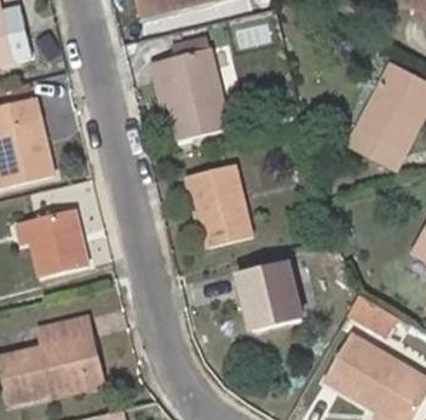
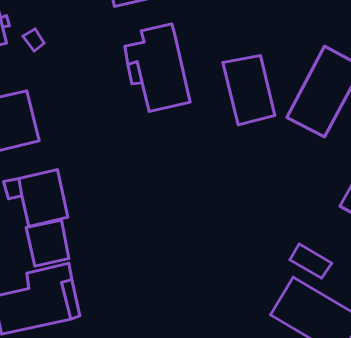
building: [191,163,253,246] -> [223,56,275,125]
building: [241,260,304,329] -> none
building: none -> [26,220,69,266]

